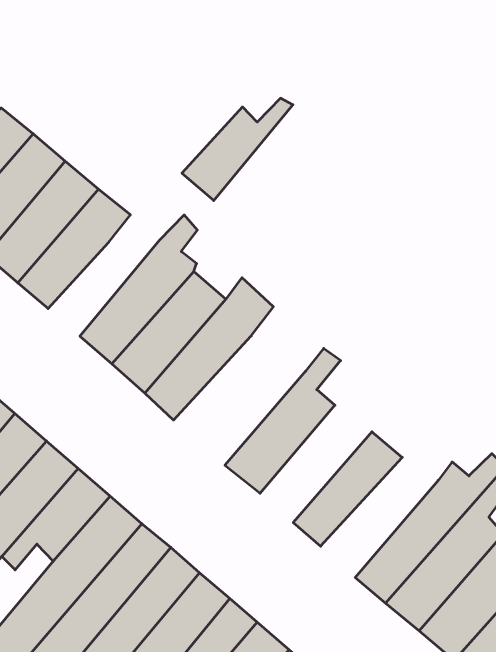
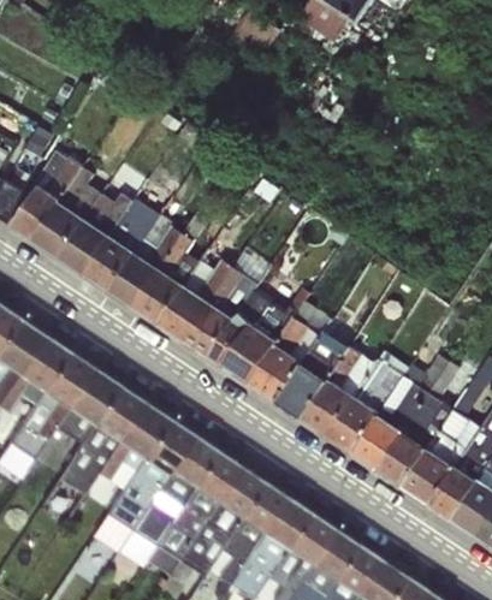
building: [182,98,293,201] -> [109,228,183,308]
building: none -> [209,292,300,387]
building: none -> [278,331,352,422]
building: none -> [326,360,404,456]

